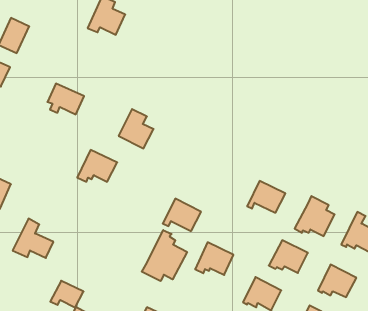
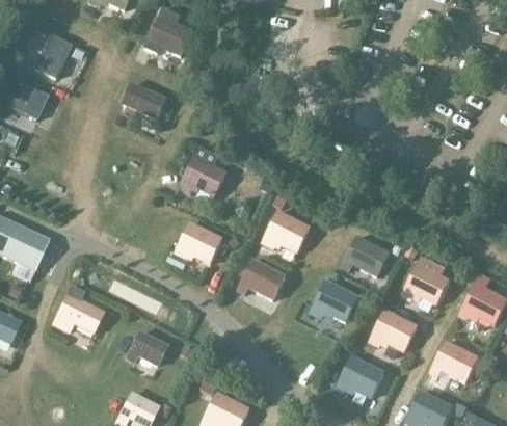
building: [47,84,84,114] -> [119,80,165,118]
building: [77,150,117,182] -> [172,222,222,262]
building: none -> [262,210,310,250]
building: [142,230,187,281] -> none
building: [195,242,233,275] -> [310,279,357,320]
building: [50,281,84,307] -> [124,331,165,365]

